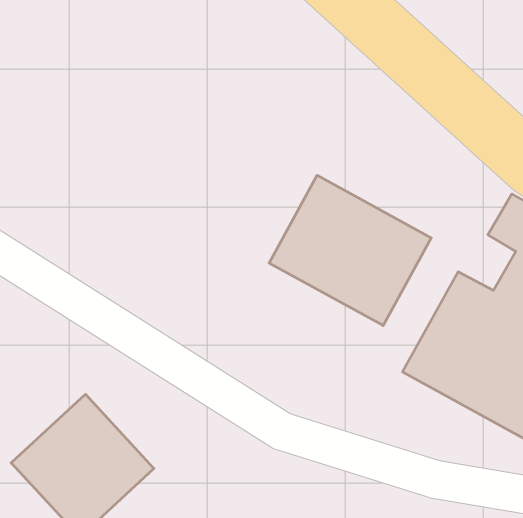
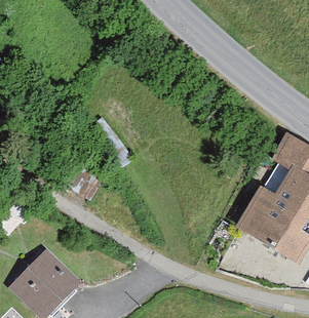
building: [269,175,431,326] -> none

